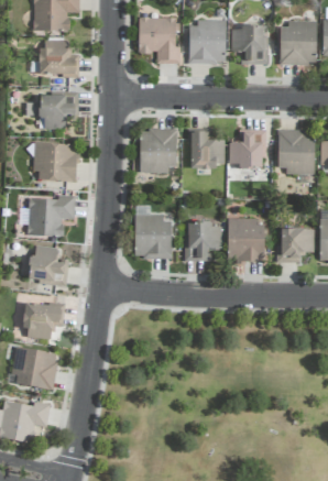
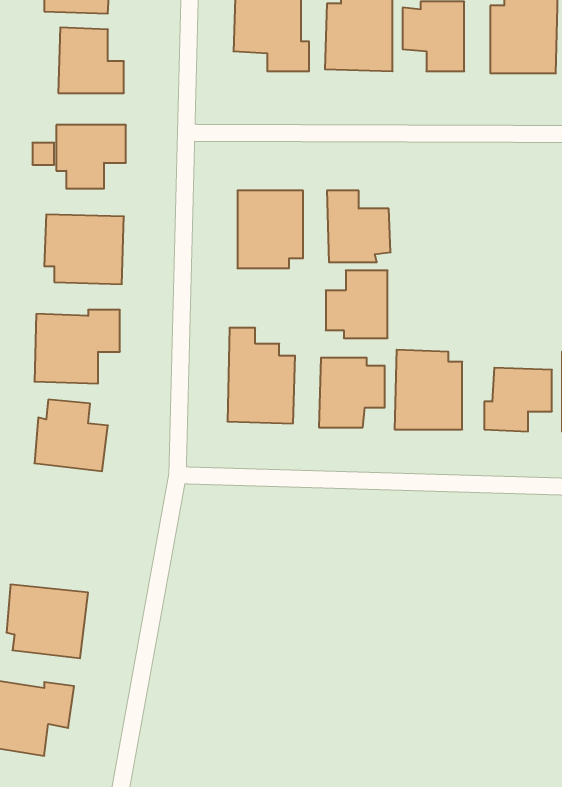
building: [278,129,315,173] -> none
building: [230,130,264,167] -> [326,270,388,338]
building: [24,302,64,339] -> none

